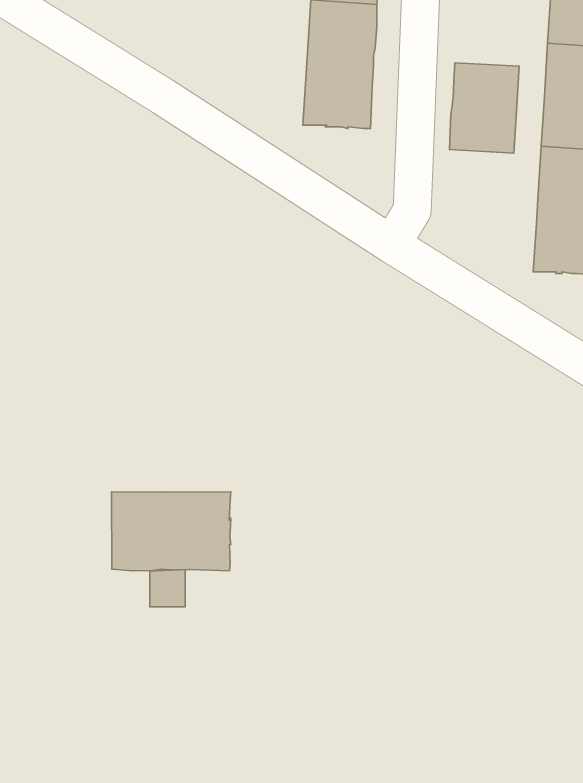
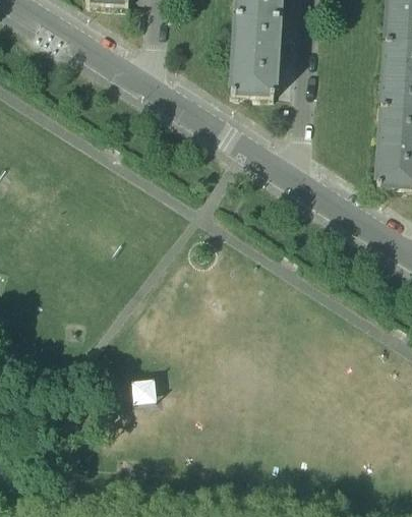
building: [449,63,519,153] -> none
building: [111,492,231,571] -> none

